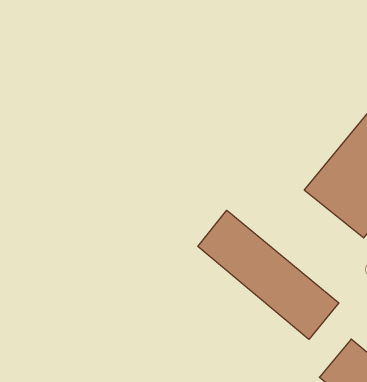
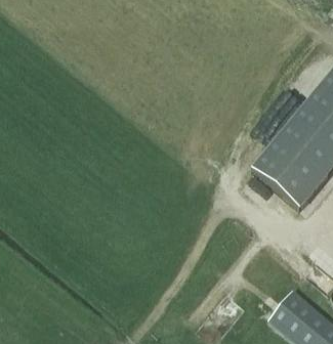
building: [198,210,339,339] -> none

